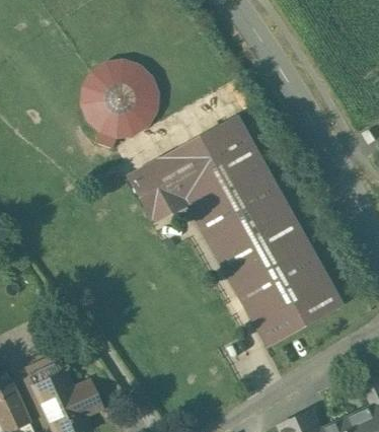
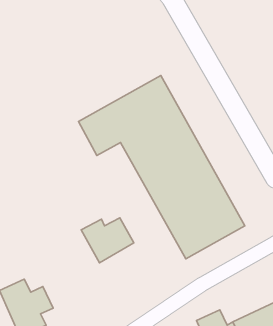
building: [78,50,175,148] -> none
building: none -> [81,218,134,263]

